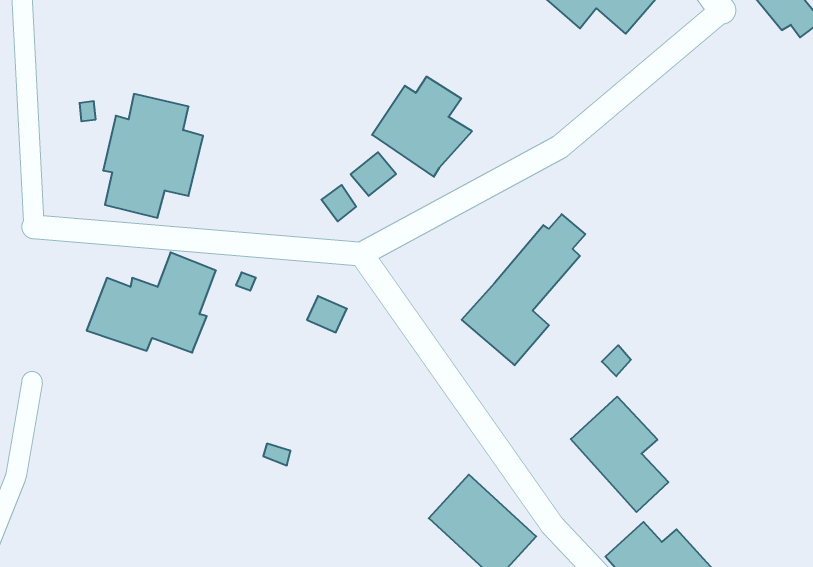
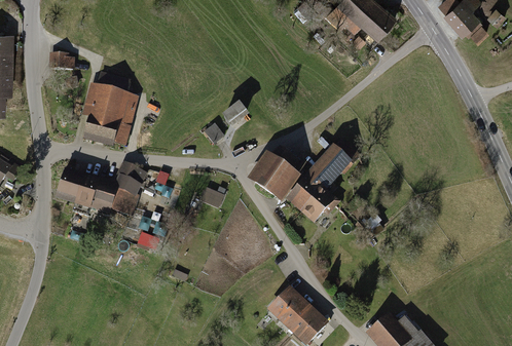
building: none -> [49,51,74,68]
building: [372,77,472,177] -> [247,147,303,203]
building: none -> [53,167,84,204]
building: [571,397,668,512] -> none

